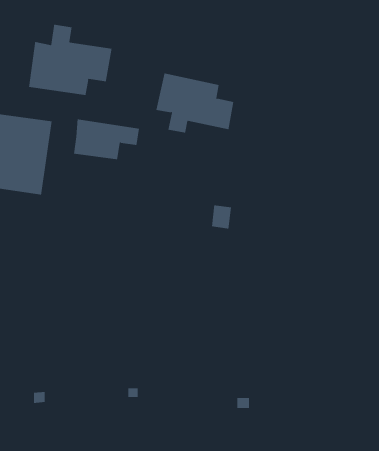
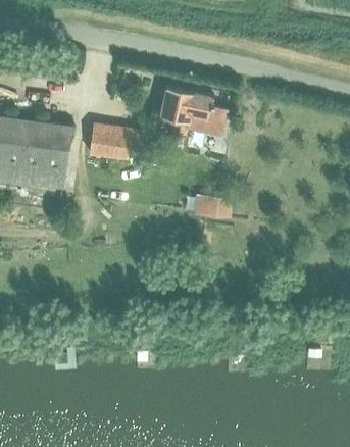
building: [29,24,112,96] -> none

